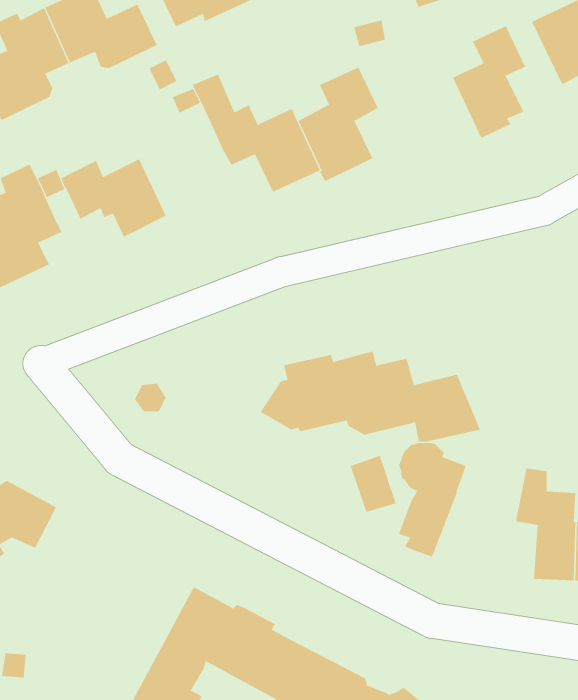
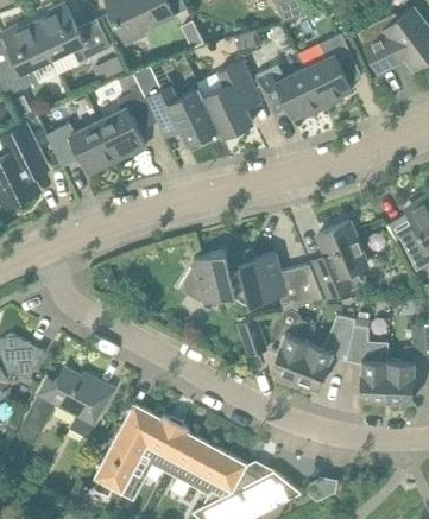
building: none -> [255,64,324,119]
building: none -> [99,89,153,159]
building: none -> [317,222,367,297]
building: none -> [292,315,355,392]
building: none -> [17,367,113,444]

